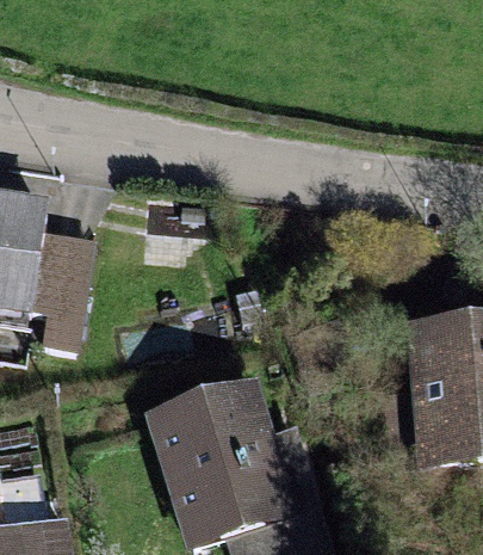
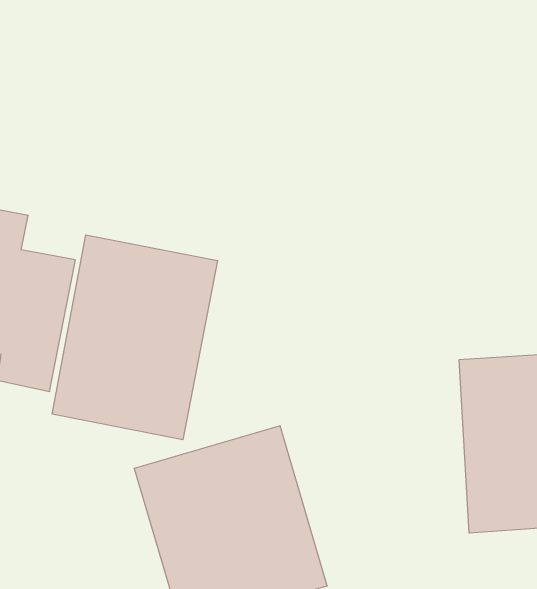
building: none -> [52,235,217,440]

